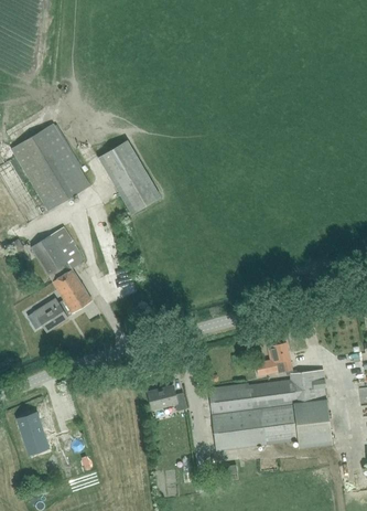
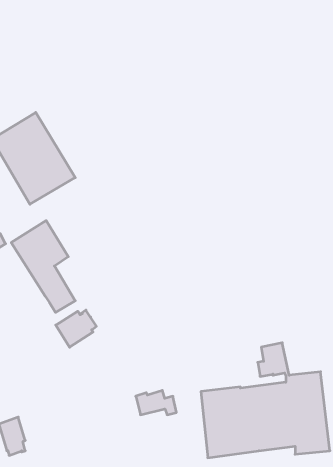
building: [96,140,159,214] -> none
building: [33,297,72,332] -> [56,310,96,347]

